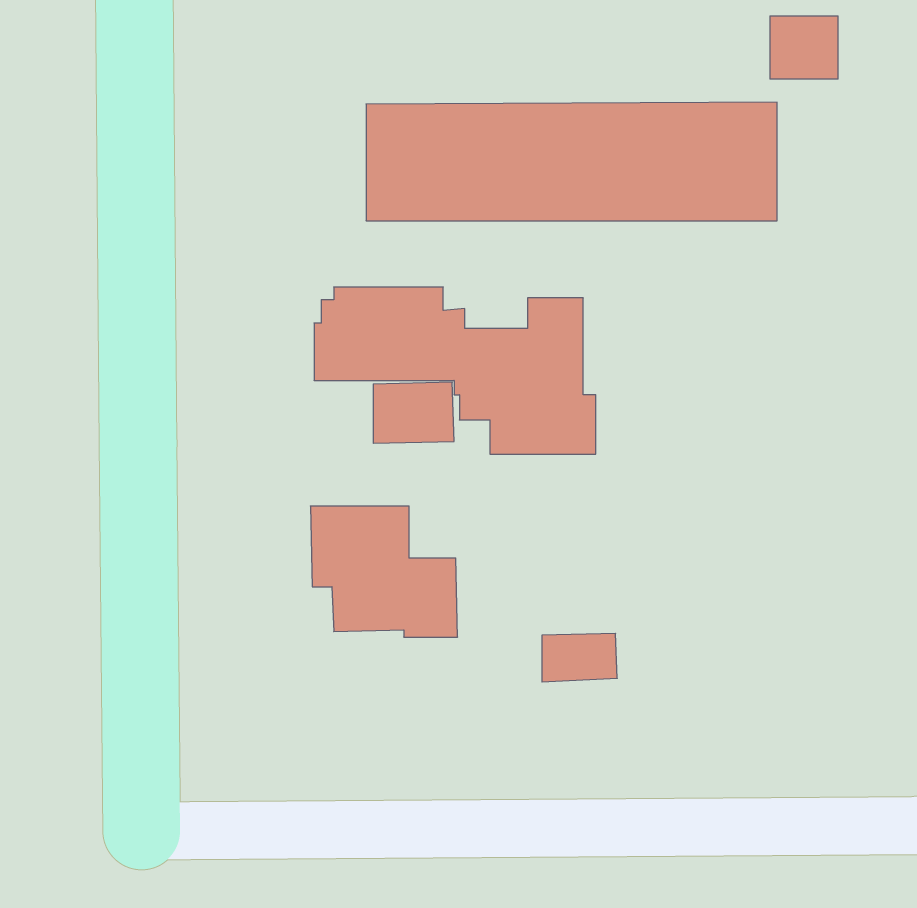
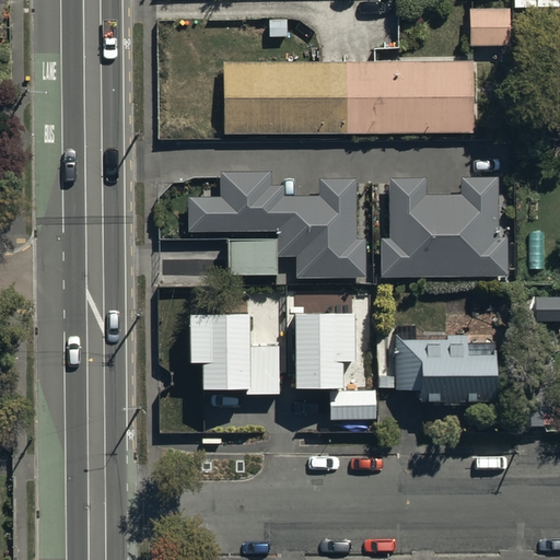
building: none -> [384,180,509,275]
building: none -> [295,307,355,384]
building: none -> [394,320,494,407]

